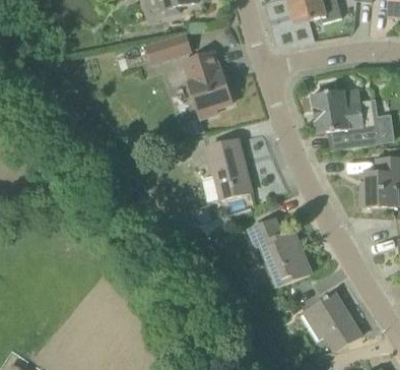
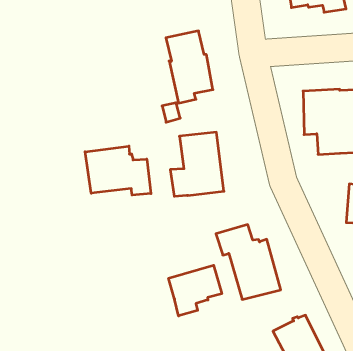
building: [147,34,191,62] -> none
building: none -> [85,146,151,195]
building: none -> [169,265,222,316]

